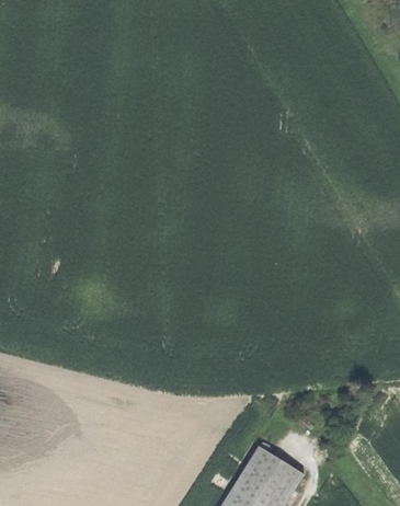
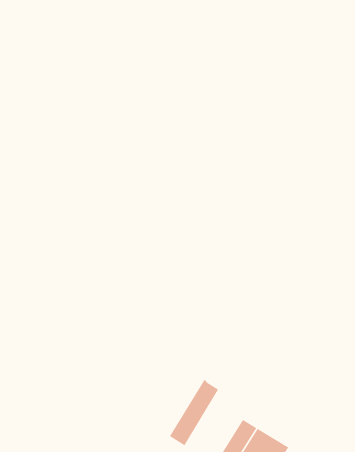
building: none -> [169,379,219,446]

